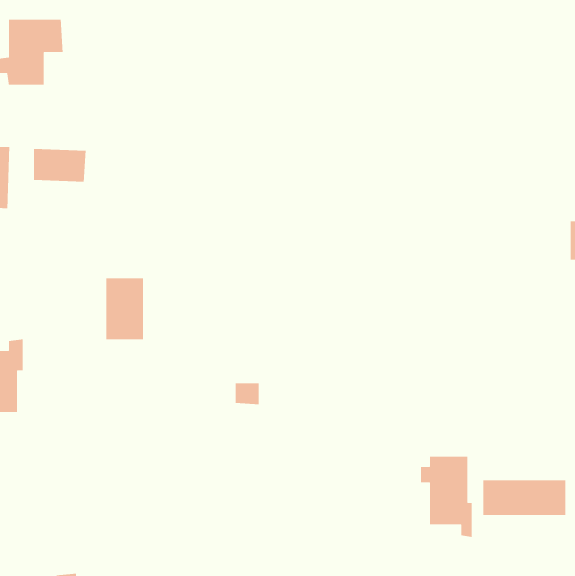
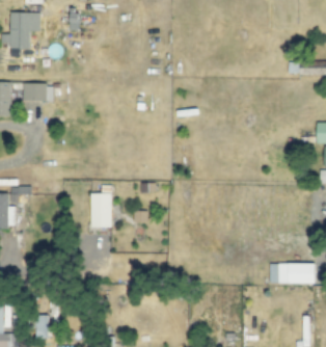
building: [106,277,144,340] -> [90,193,111,228]
building: [420,456,473,538] -> none

